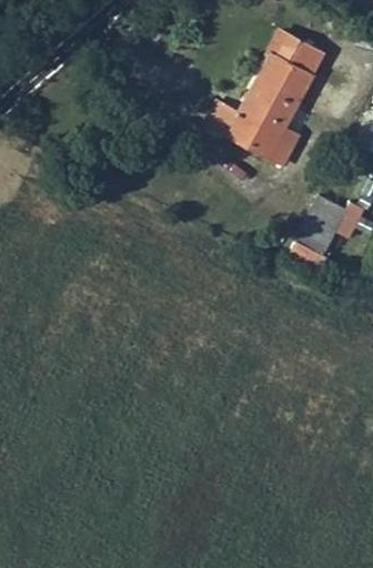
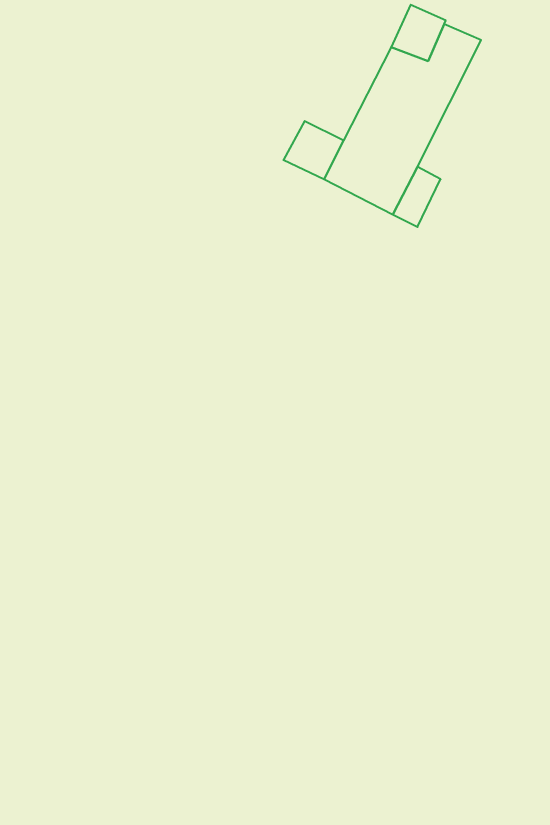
building: [296,200,347,261] -> none

